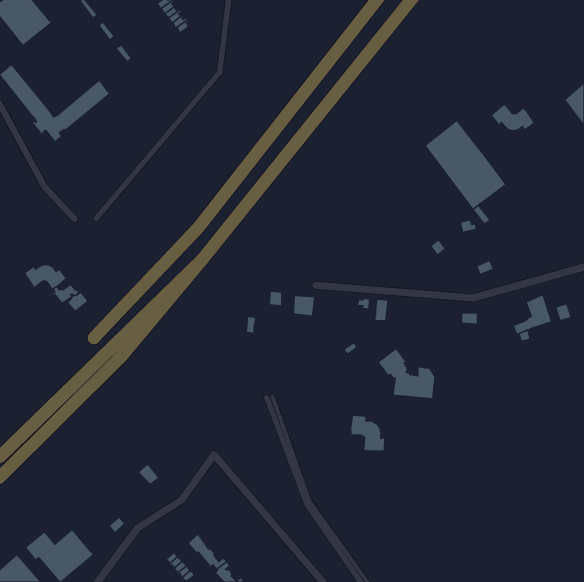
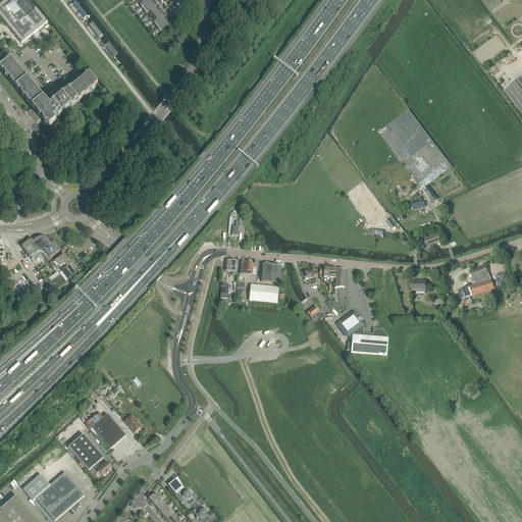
building: [491,104,534,131] -> none
building: none -> [248,282,278,301]
building: [350,415,385,451] -> none
building: none -> [91,412,125,448]
building: none -> [67,432,103,469]

